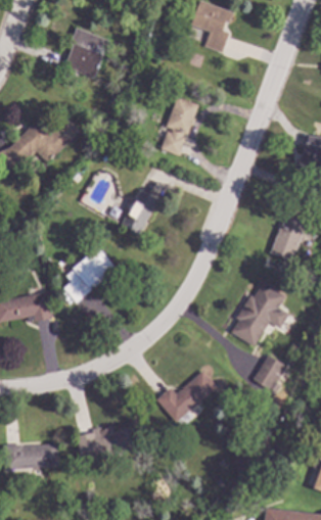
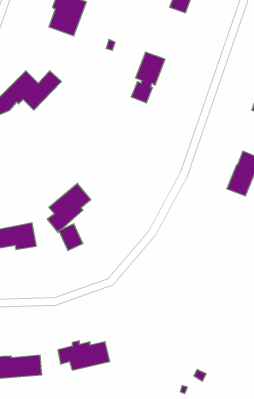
building: [122,190,157,235] -> none
building: [231,282,288,346] -> none
building: [253,356,285,389] -> none
building: [156,371,216,423] -> none

